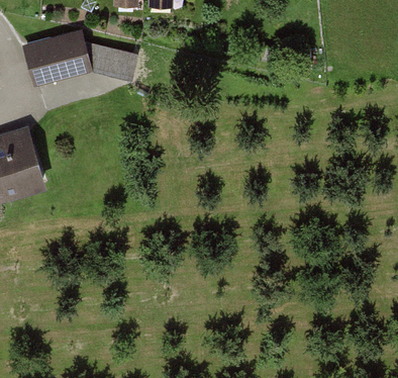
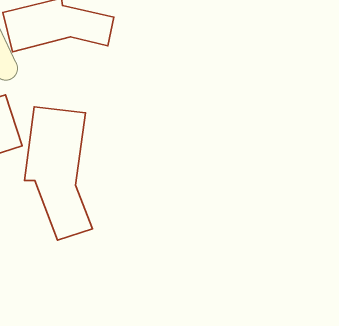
building: none -> [25,107,93,240]

